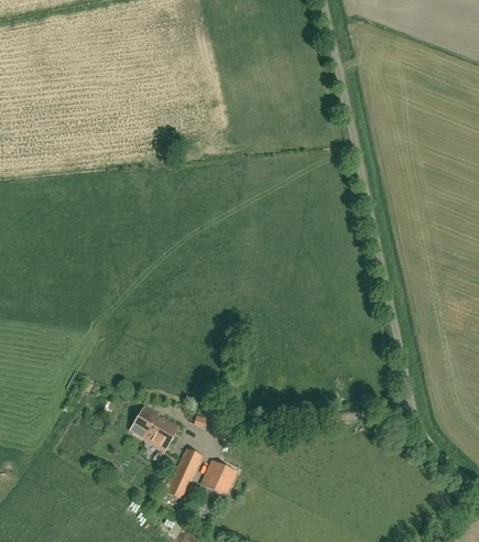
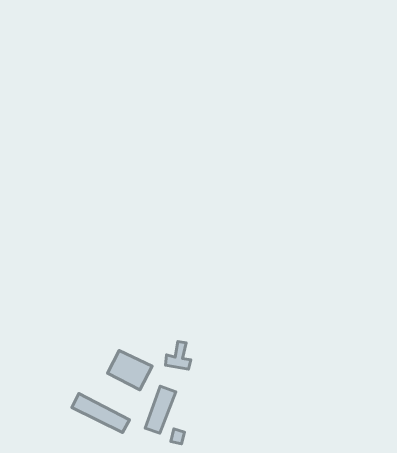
building: none -> [72,393,129,432]
building: [199,459,237,502] -> none

